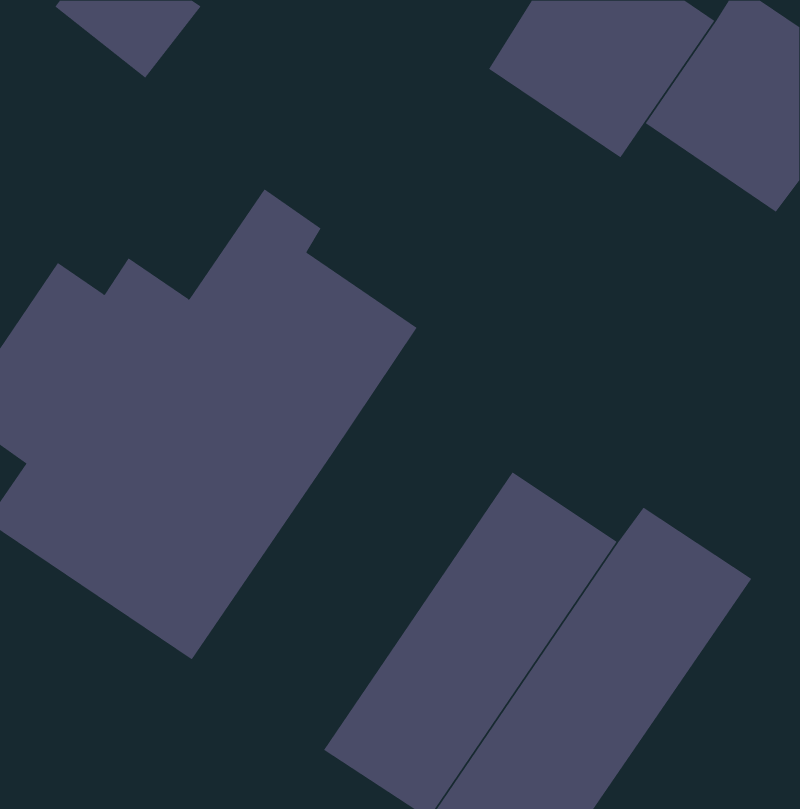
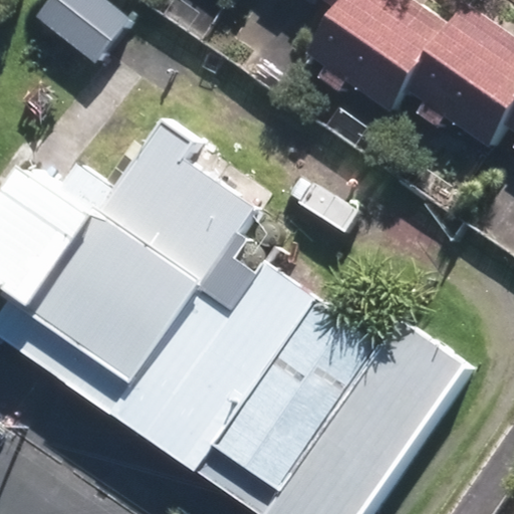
building: none -> [120,264,321,476]

